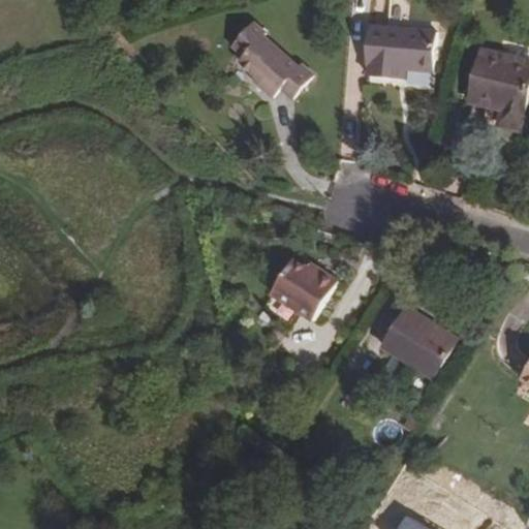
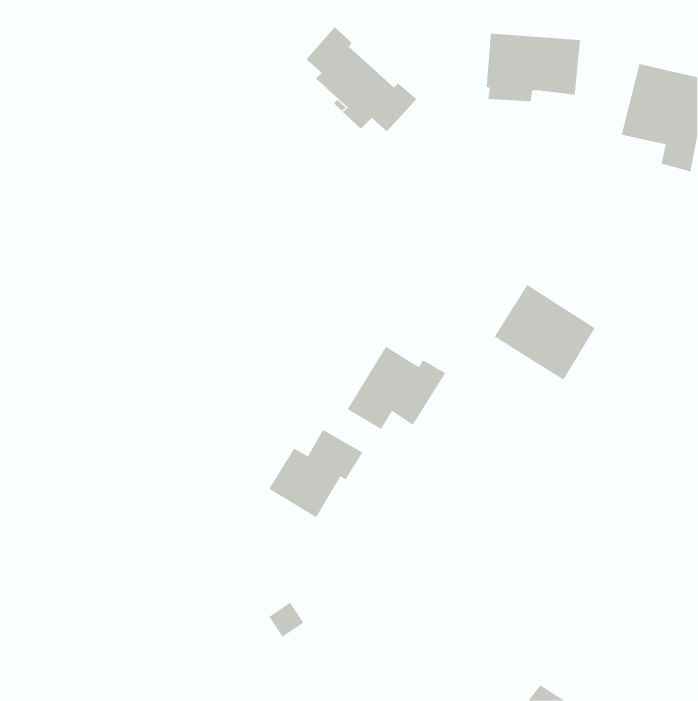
building: [380,306,457,378] -> [494,284,596,380]
building: none -> [269,429,363,518]

